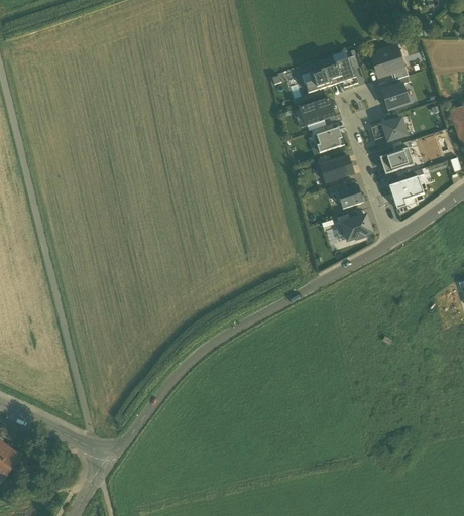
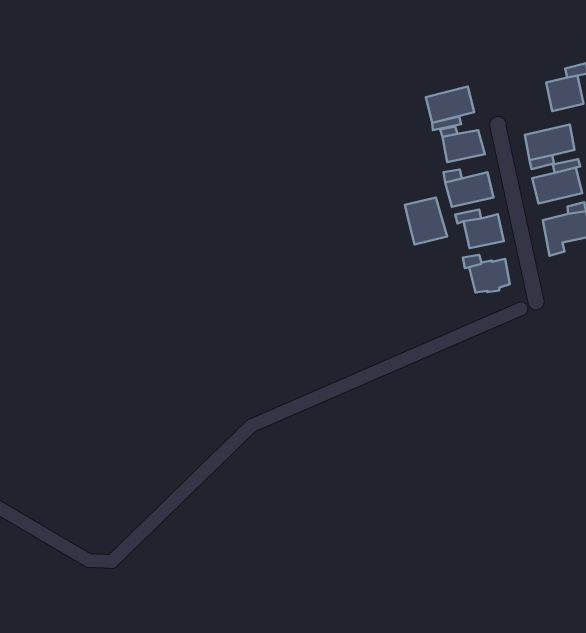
building: [373,45,402,74] -> none
building: [305,56,358,92] -> none
building: none -> [405,198,447,245]

